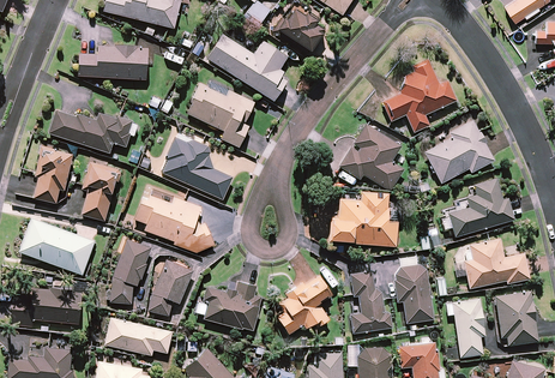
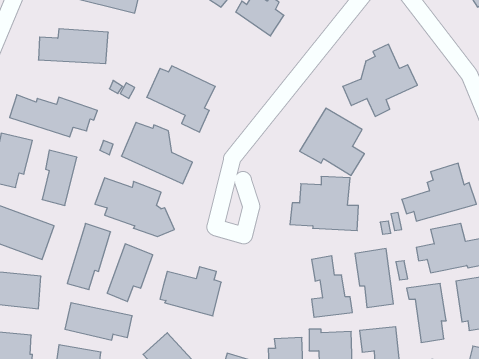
building: [206,35,286,101] -> none
building: [424,121,493,184] -> none
building: [276,272,330,334] -> none

